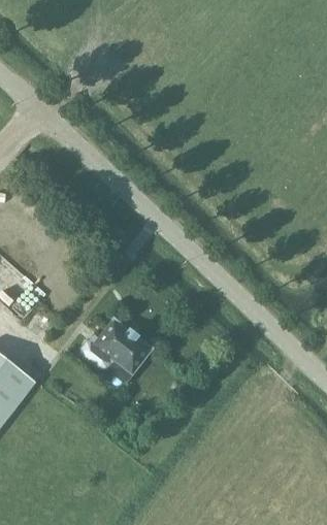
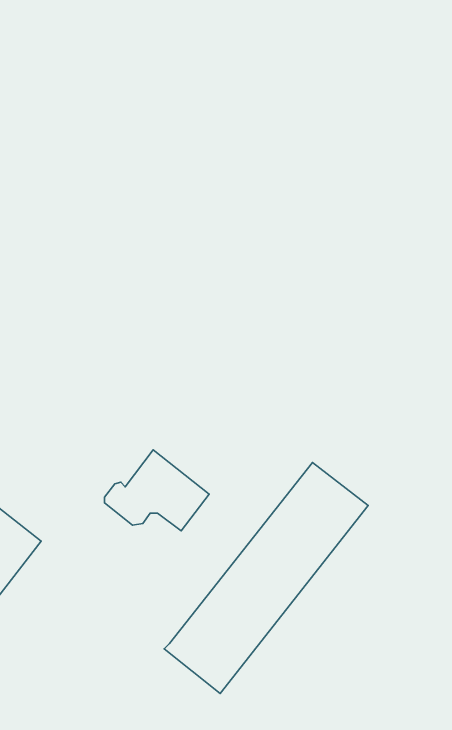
building: none -> [164,462,368,693]

